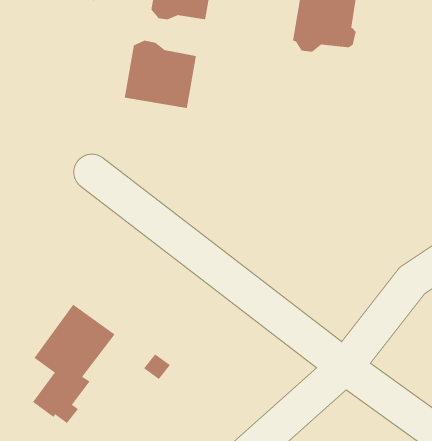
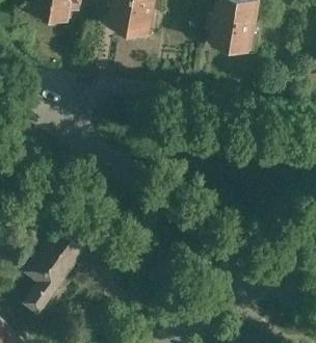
building: [124,40,196,109] -> none

